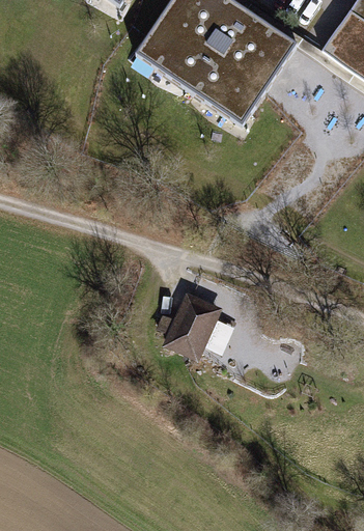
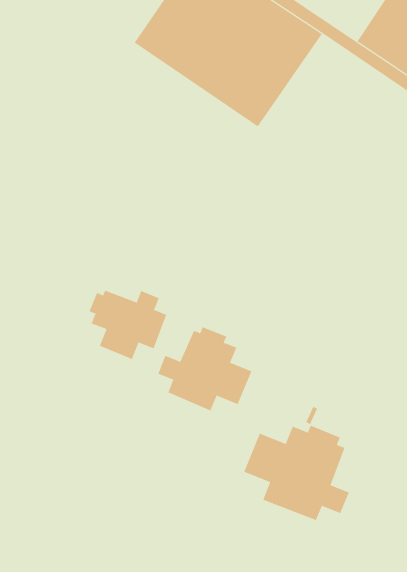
building: none -> [89,290,167,360]
building: none -> [244,425,350,521]

